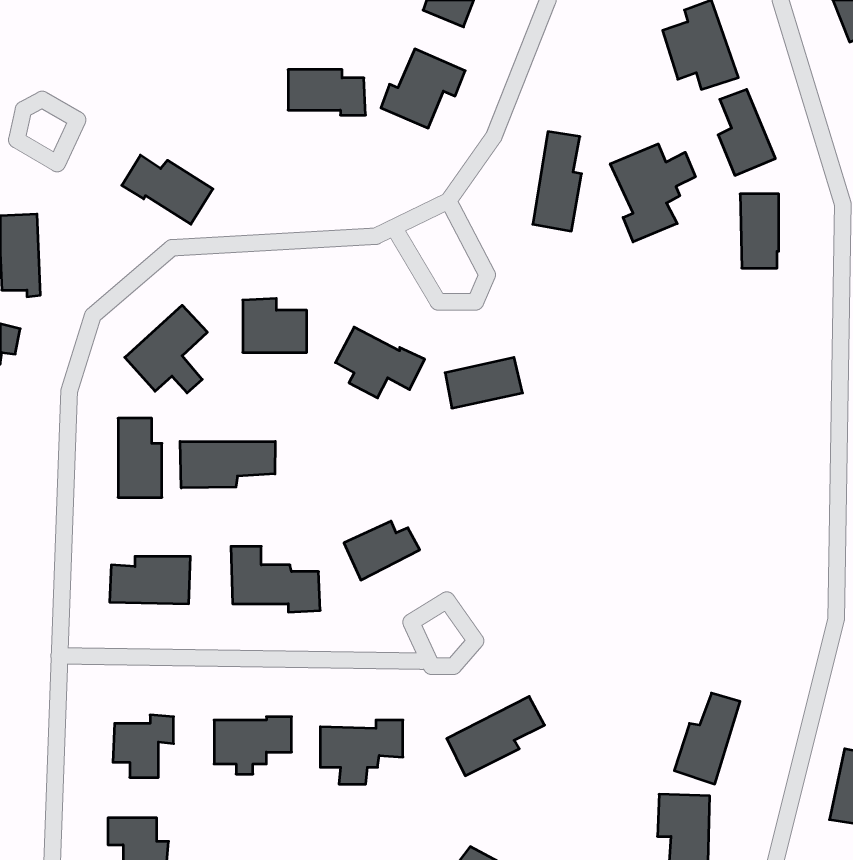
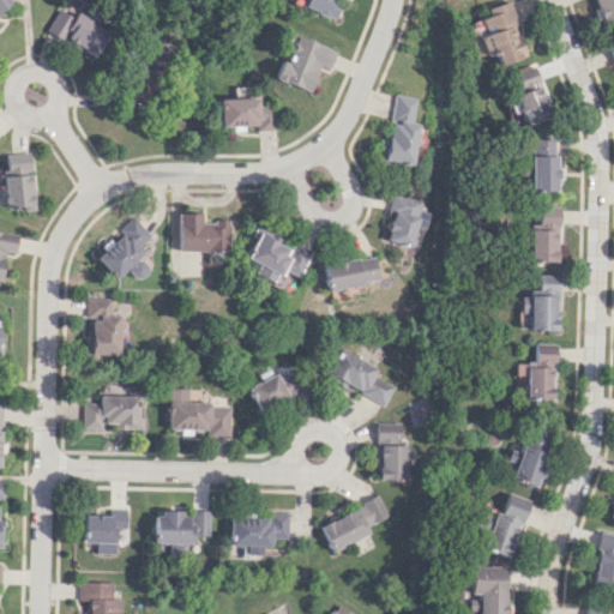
building: [288,70,366,115] -> [221,100,276,132]
building: [610,144,695,242] -> none
building: [122,155,213,224] -> [50,10,115,59]
building: none -> [383,194,429,248]
building: none -> [531,217,561,263]
building: none -> [524,276,561,331]
building: [180,441,275,488] -> none
building: none -> [529,344,559,399]
building: none -> [327,349,401,407]
building: none -> [381,423,408,481]
building: none -> [512,444,550,487]

